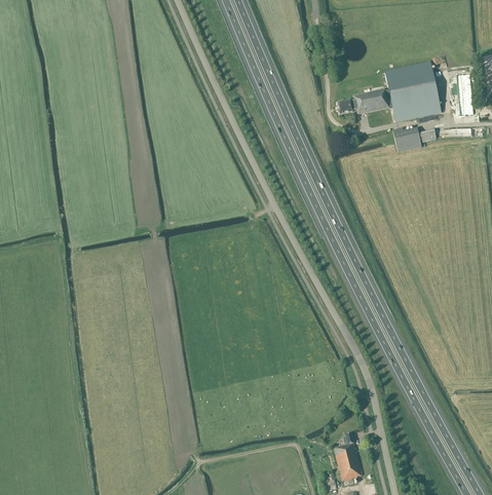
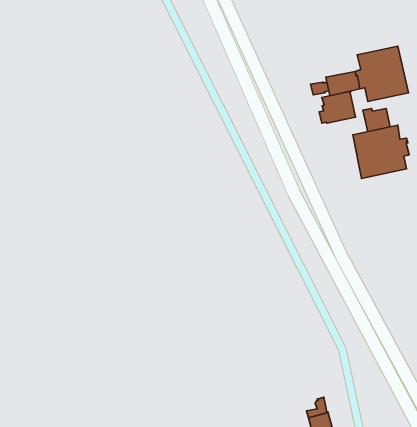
building: none -> [319,91,356,123]
building: none -> [353,125,409,179]

